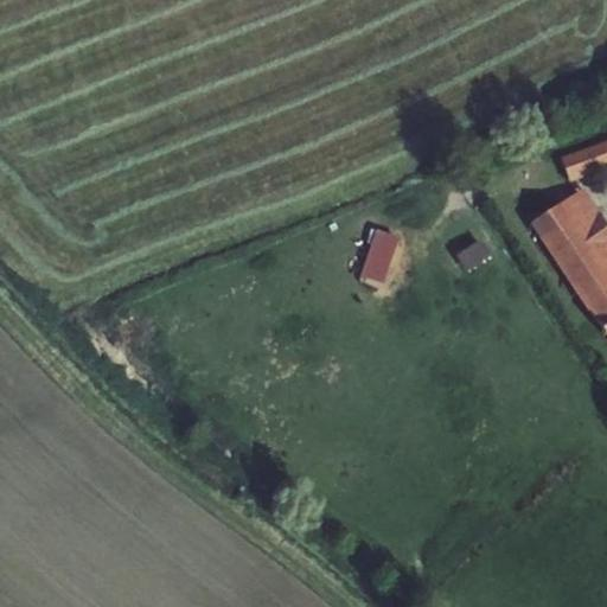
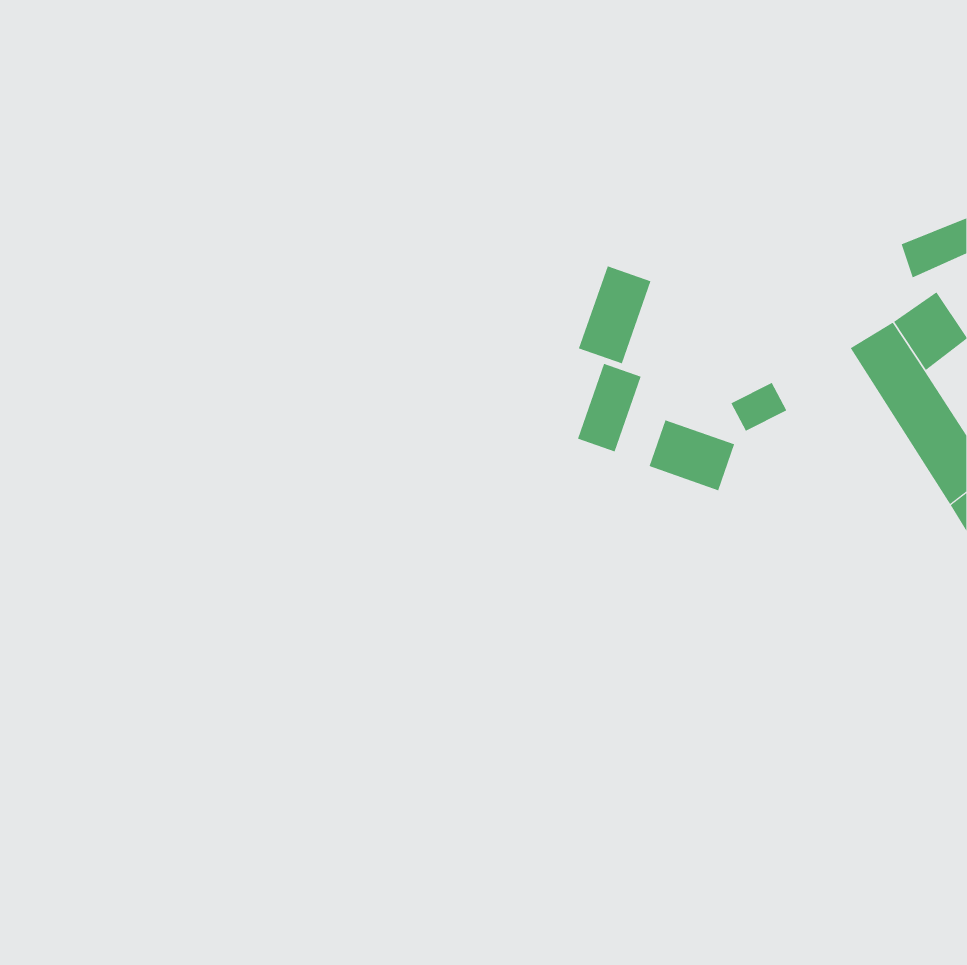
building: none -> [578,266,651,364]
building: none -> [649,420,735,491]

